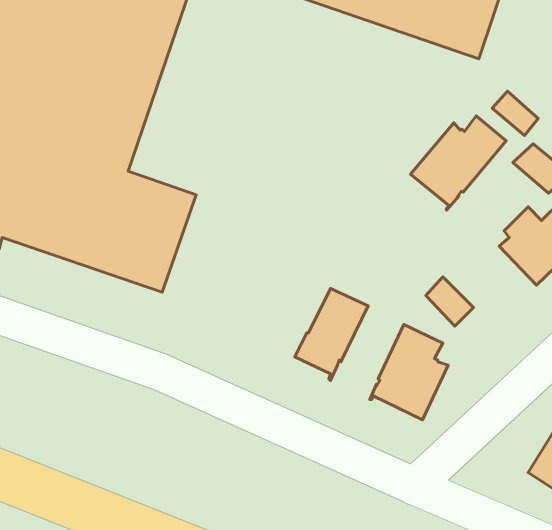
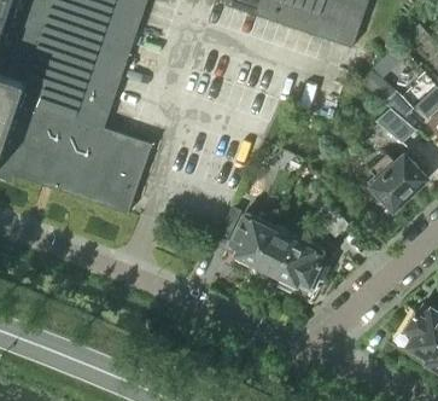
building: [411,116,506,210] -> none
building: none -> [247,222,299,289]

